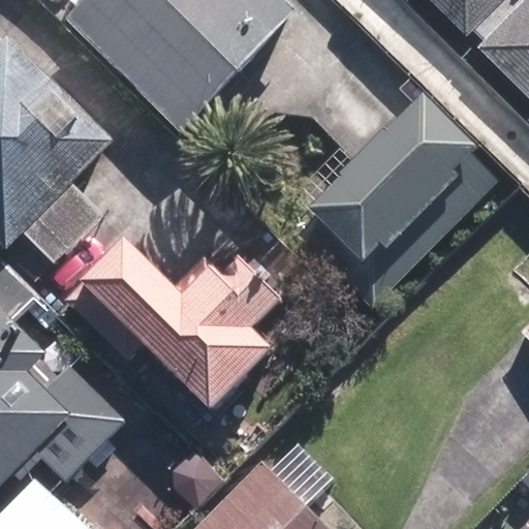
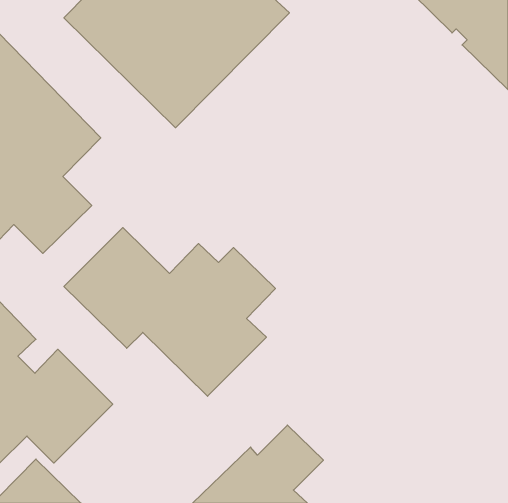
building: [299,94,499,305] -> none

